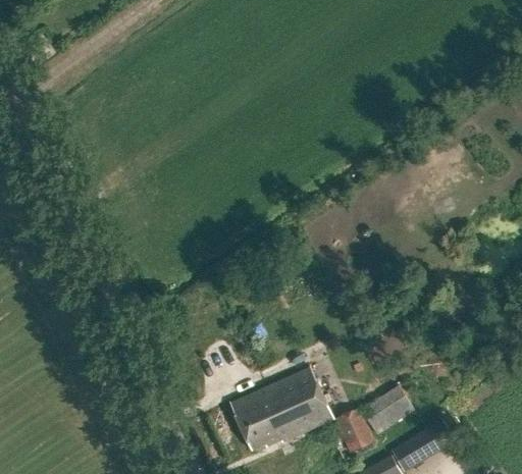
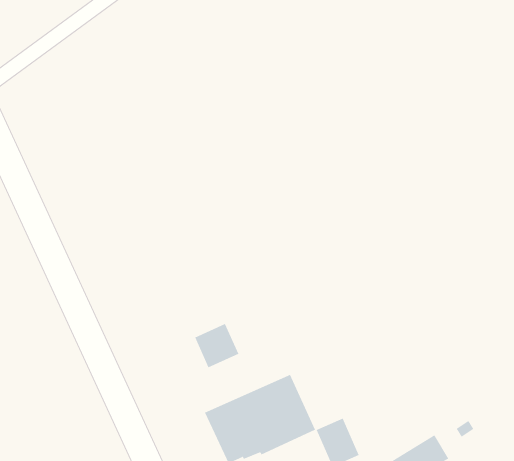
building: none -> [194,323,239,368]
building: [361,384,415,434] -> none

